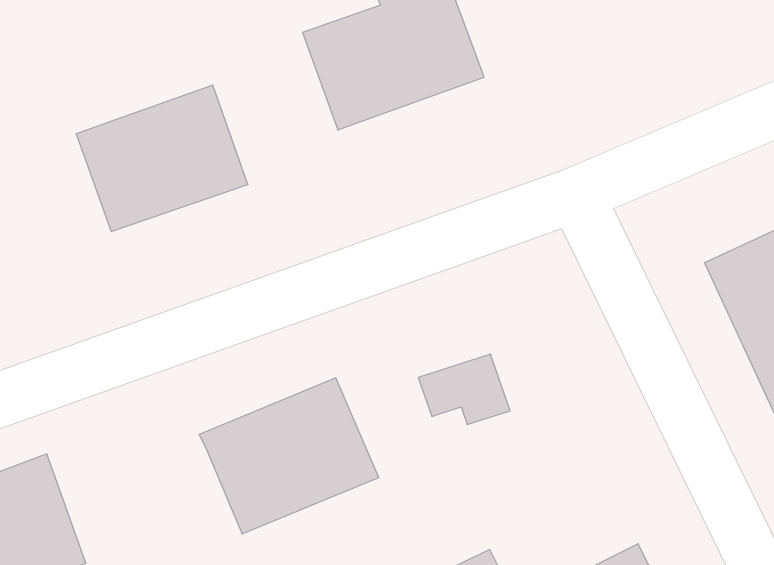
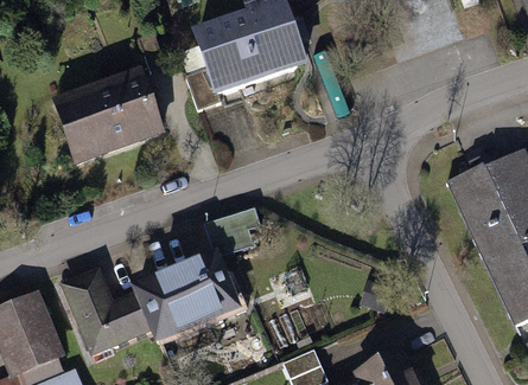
building: [418,354,510,424] -> [204,210,260,252]
building: none -> [56,265,154,353]

